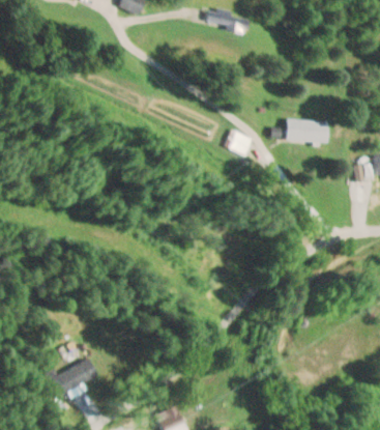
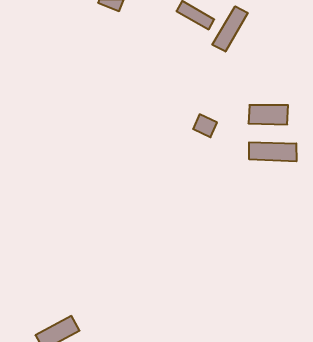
building: none -> [212,6,248,52]
building: none -> [249,142,296,161]

